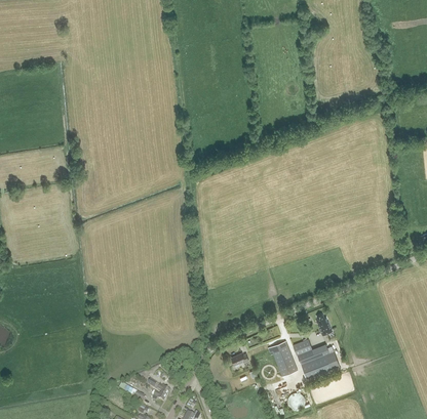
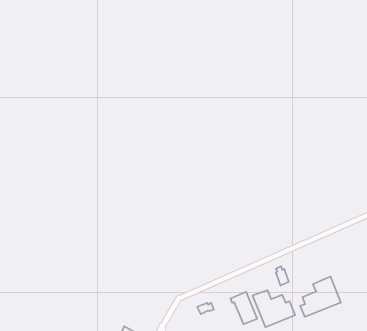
building: none -> [300,277,341,317]

